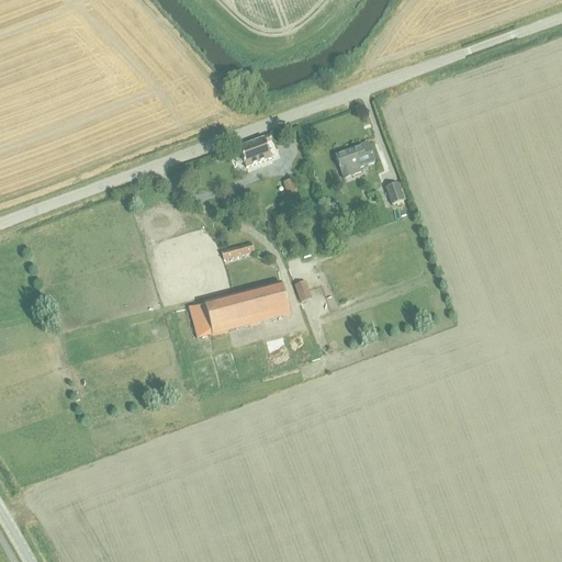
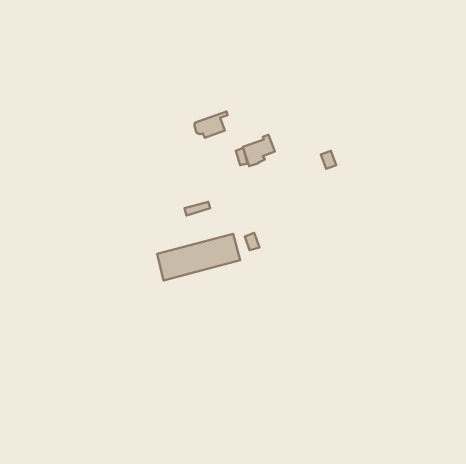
building: [336,140,374,178] -> [243,135,275,166]

